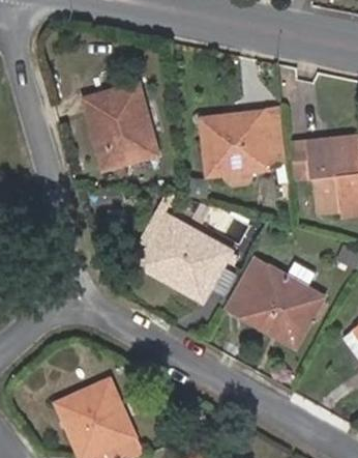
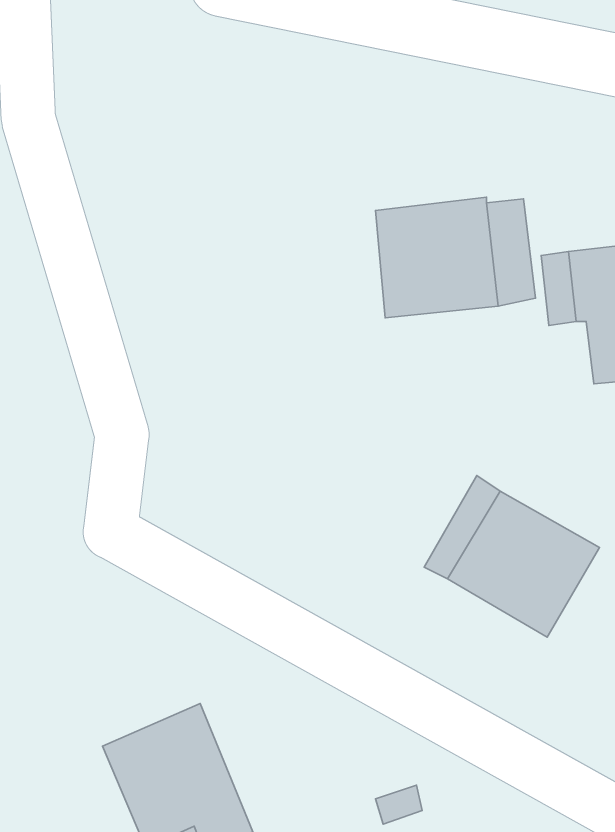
building: [85,85,156,169] -> none
building: [140,212,230,300] -> none

